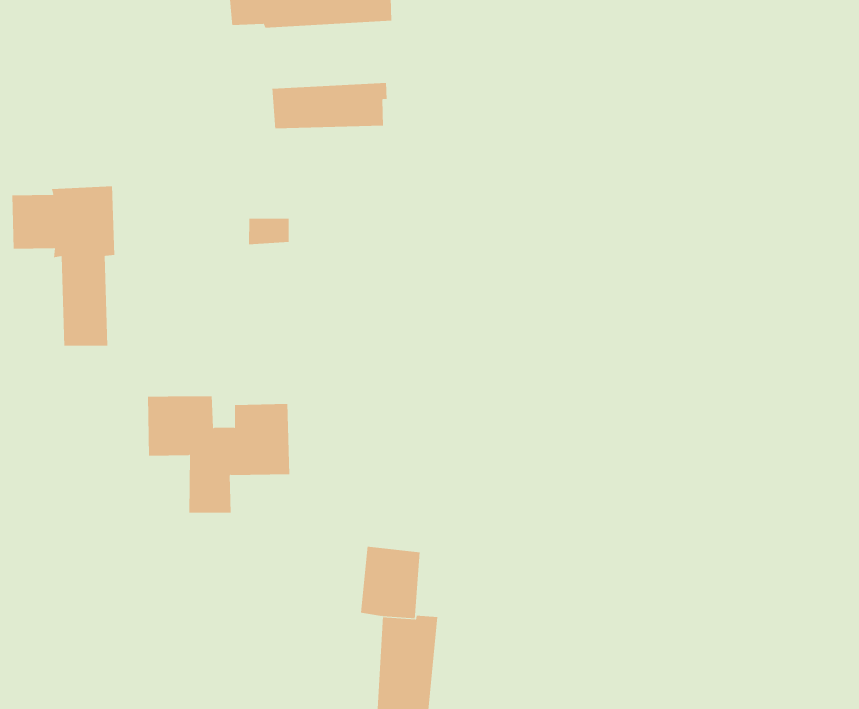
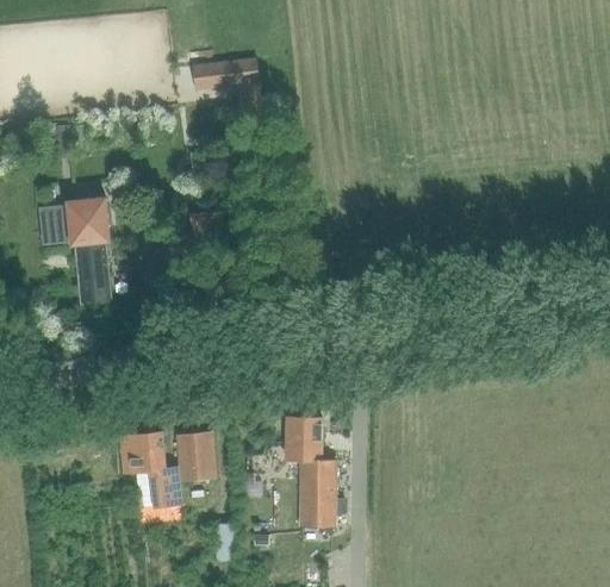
building: [272,82,387,129] -> none
building: [147,396,290,513] -> [122,432,217,508]

